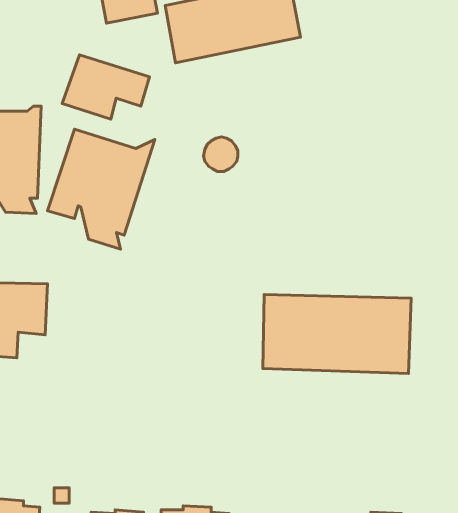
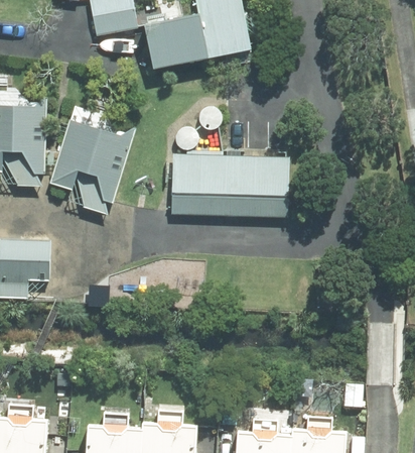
building: [62,55,149,119] -> none
building: [263,294,411,374] -> [175,161,292,224]

